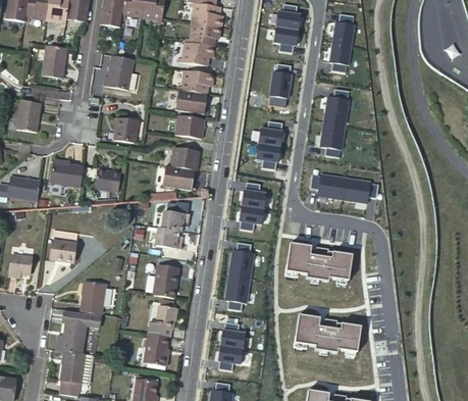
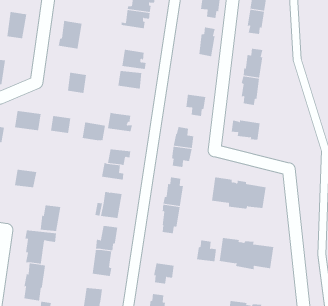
building: [181,70,217,95] -> none
building: [258,121,282,147] -> none
building: [170,147,199,169] -> [82,122,106,141]
building: [343,179,378,201] -> none
building: [220,322,245,349] -> [196,240,217,262]

